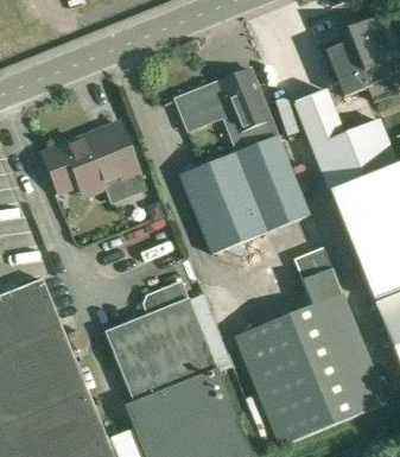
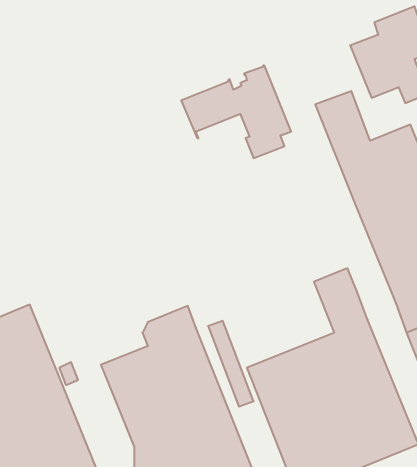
building: [44,121,145,202] -> none
building: [180,133,309,252] -> none

